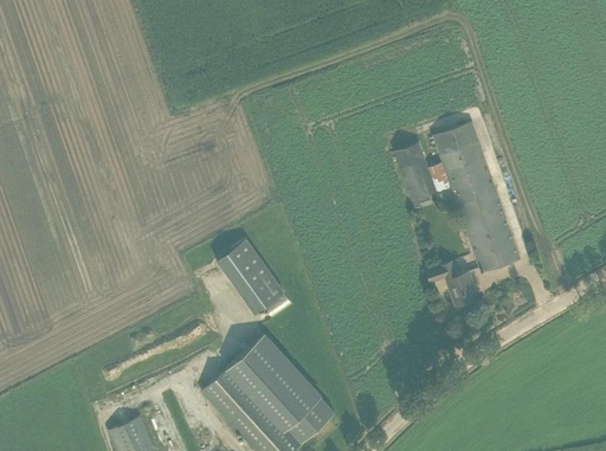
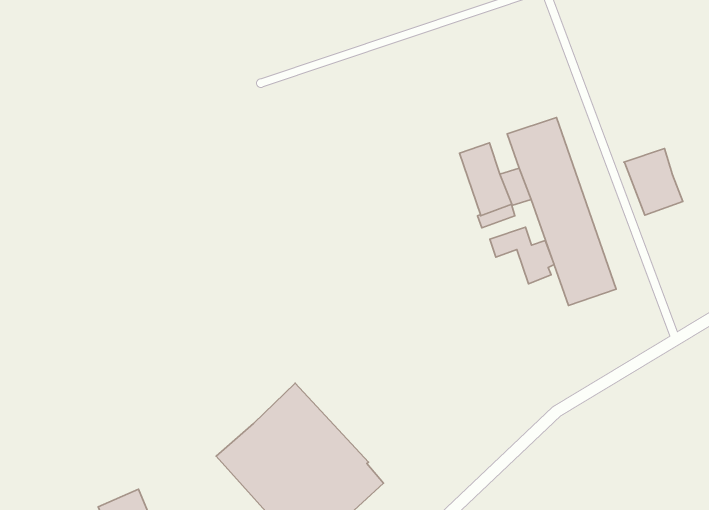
building: none -> [624,148,683,215]
building: [217,240,284,315] -> none
building: [425,262,476,307] -> [490,227,554,284]

